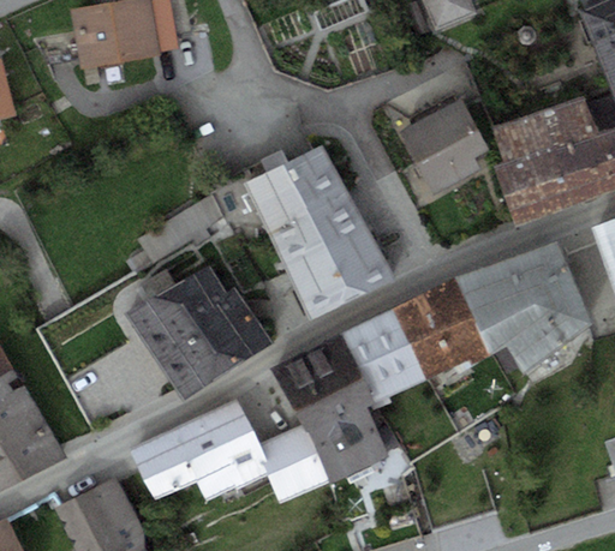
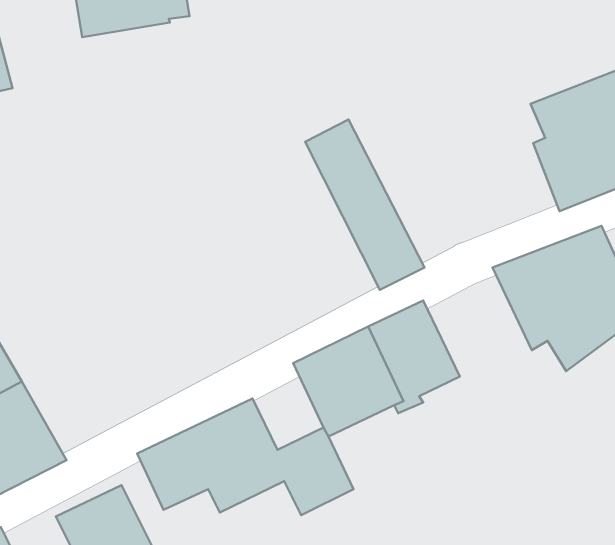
building: [399,97,490,196] -> none
building: [243,164,353,321] -> none
building: [129,264,274,401] -> none
building: [393,280,492,379] -> none
building: [306,406,390,483] -> none

